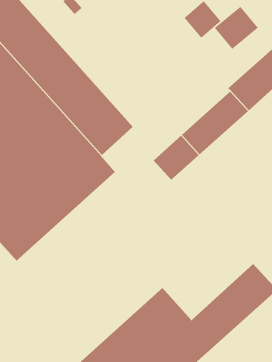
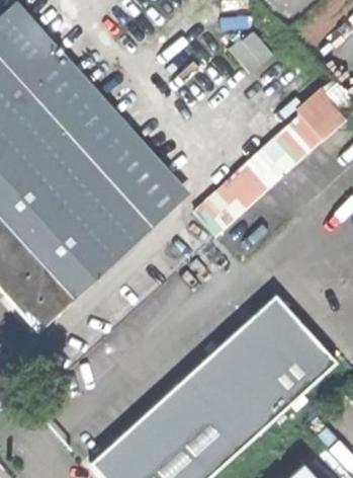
building: [214,6,259,50] -> none
building: none -> [136,175,189,227]
building: none -> [205,295,310,397]

